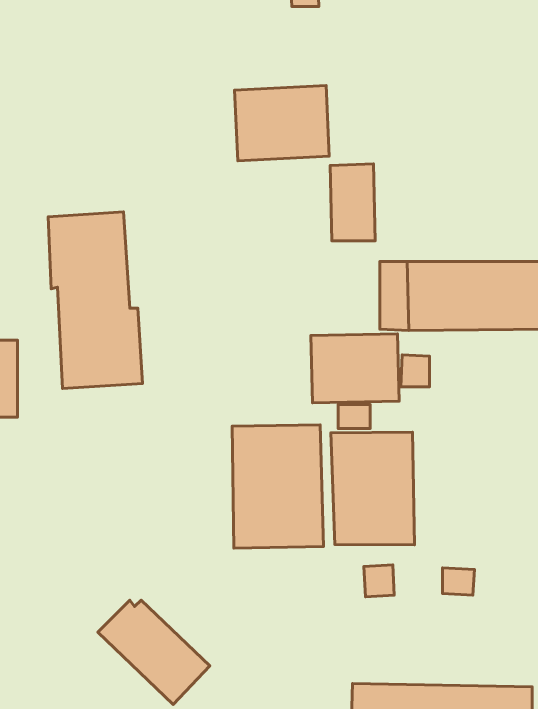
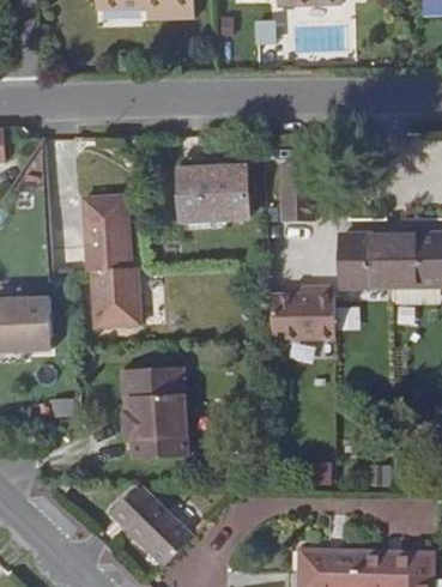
building: [235,85,329,161] -> [178,165,249,222]
building: [232,425,324,548] -> [120,365,188,458]
building: [331,432,415,545] -> none

